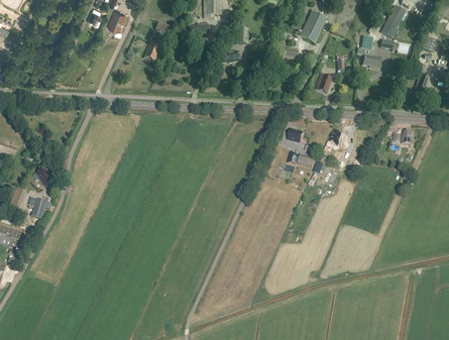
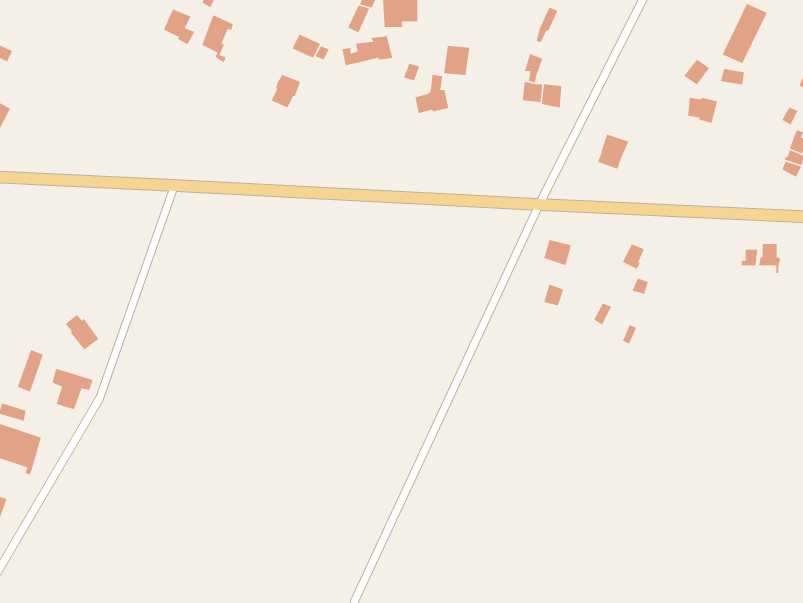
building: [300,10,326,41] -> none

